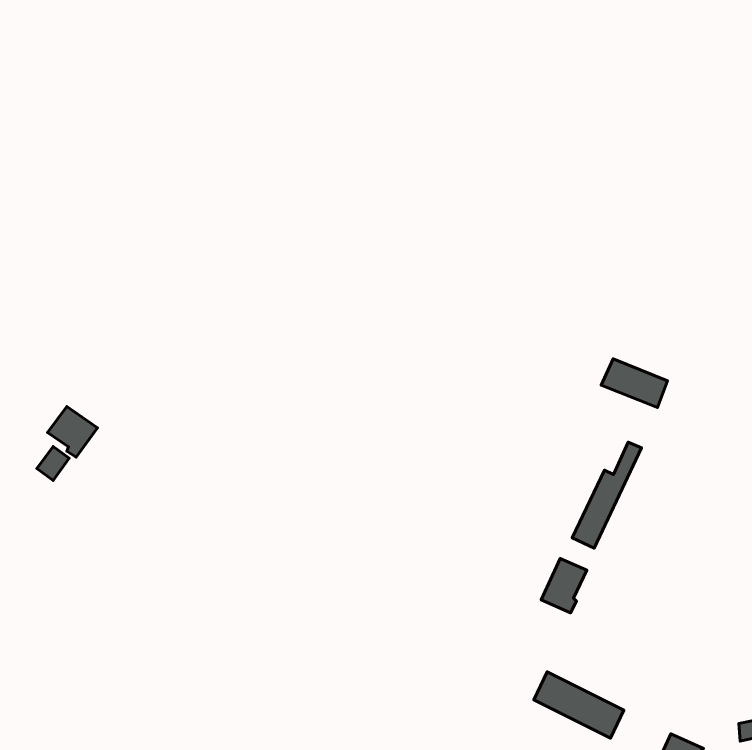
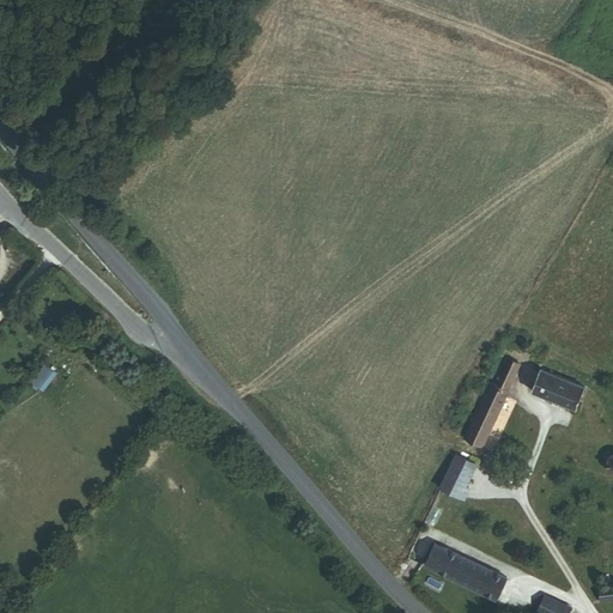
building: [601,359,668,407] -> [533,371,587,411]
building: [48,406,97,457] -> none

